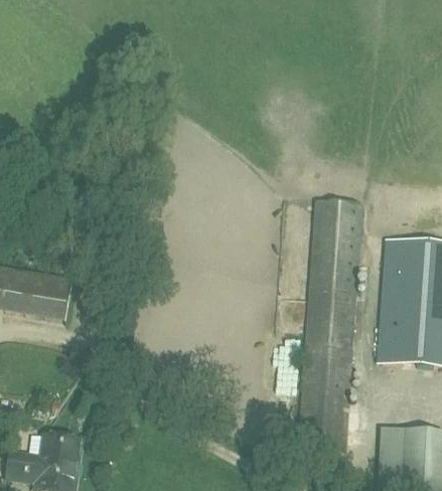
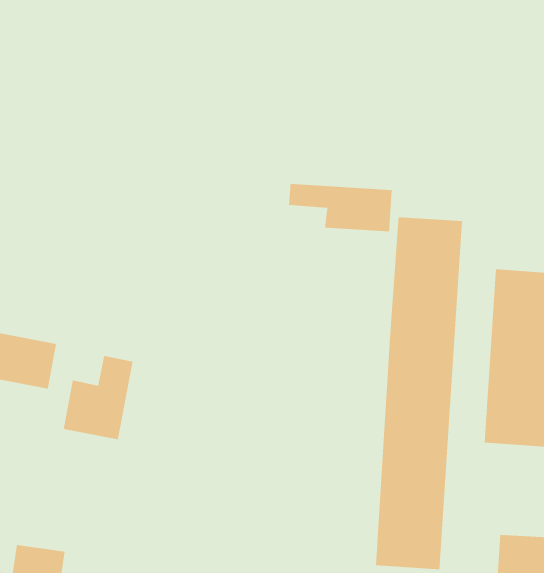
building: none -> [288,183,392,232]
building: none -> [63,355,133,440]

